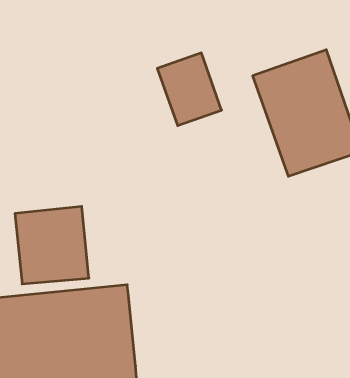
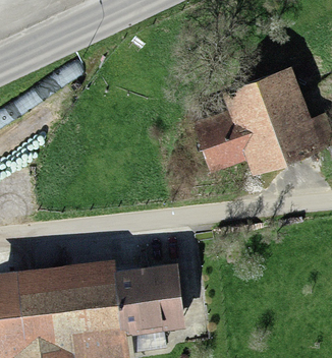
building: [157,53,222,126] -> [193,111,248,173]
building: [15,206,89,284] -> [116,266,179,333]

